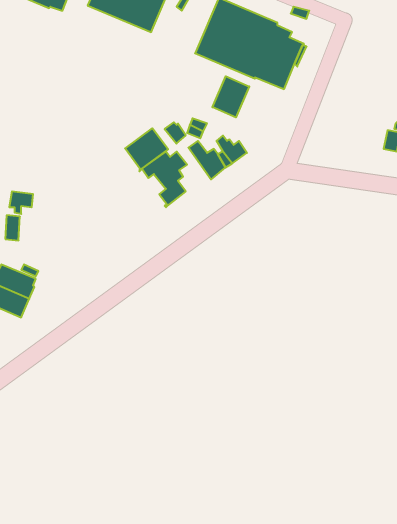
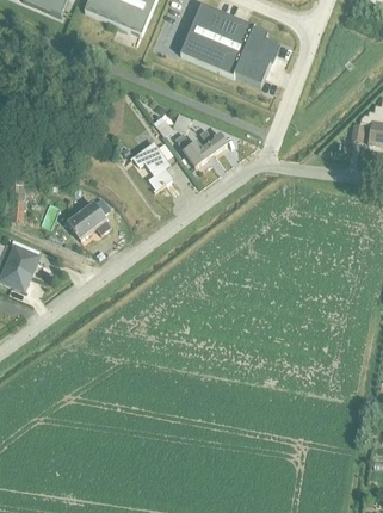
building: [212,76,249,117] -> none
building: [125,128,168,169] -> none
building: none -> [66,197,111,240]

